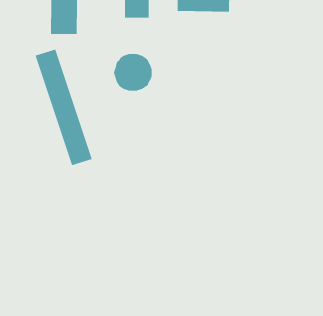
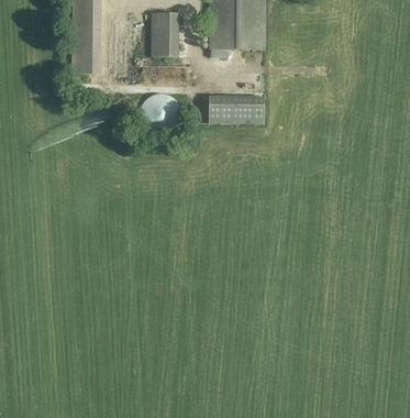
building: [34,48,93,166] -> none
building: none -> [210,96,266,123]

